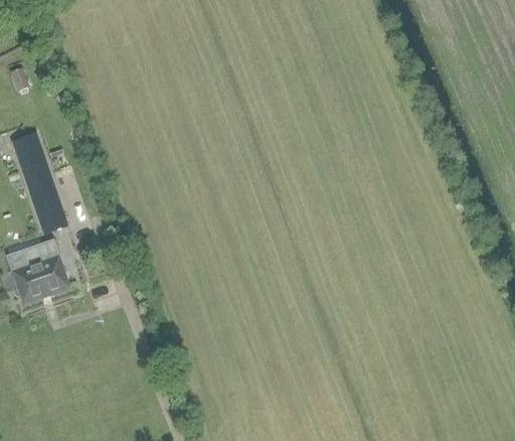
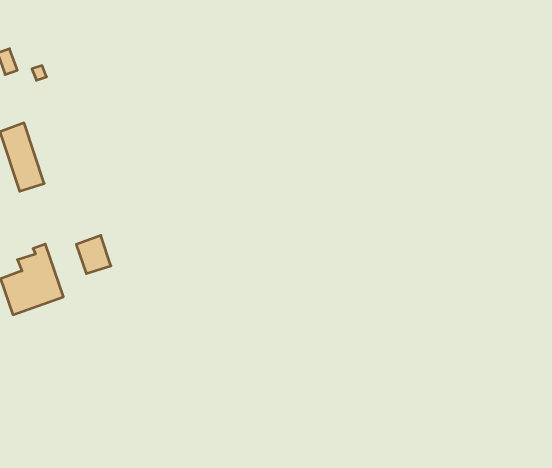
building: [33,196,64,231] -> [76,235,111,274]

